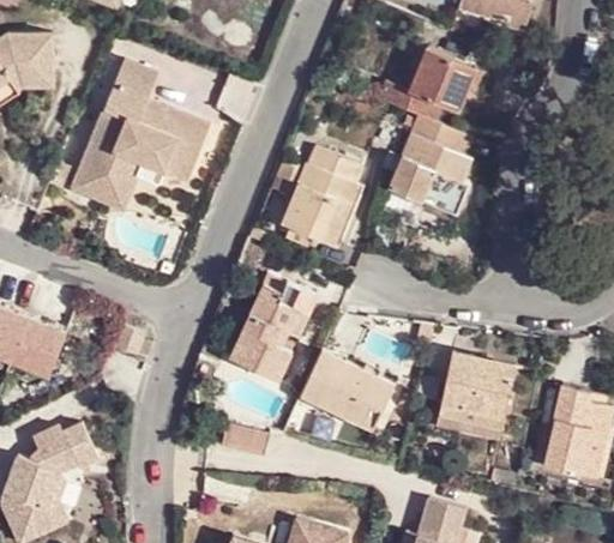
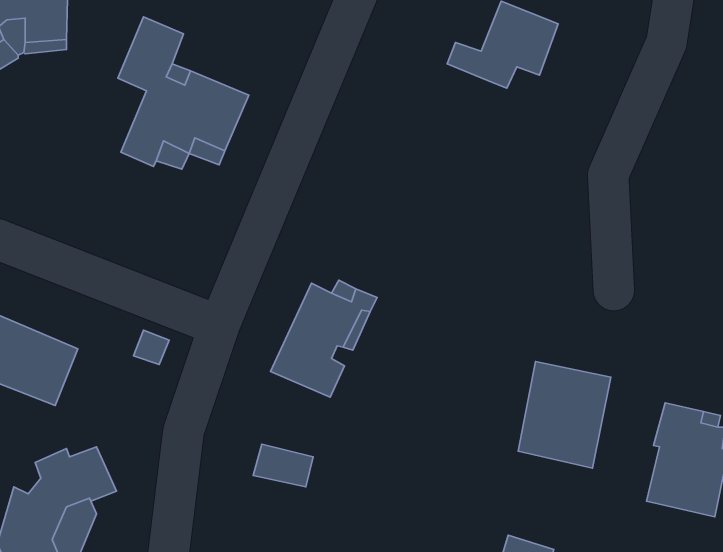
building: [67,111,131,213] -> none
building: [390,115,469,211] -> none
building: [282,146,360,245] -> none
building: [302,354,393,429] -> none

